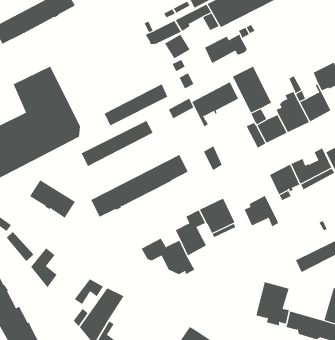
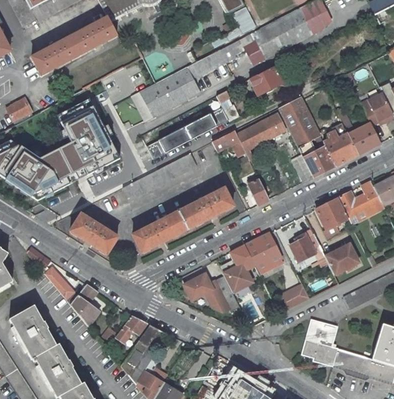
building: none -> [131,66,199,120]
building: none -> [325,242,358,274]
building: none -> [284,283,309,308]

